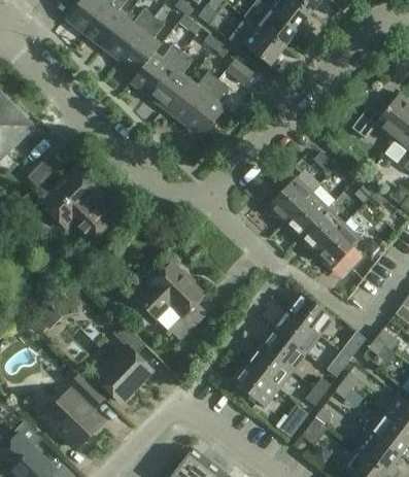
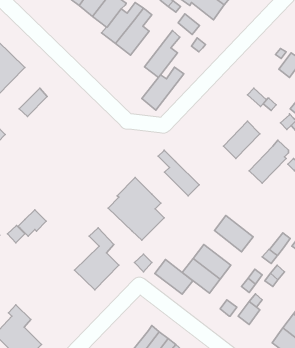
building: [166,71,218,125] -> [142,67,184,110]
building: [40,168,114,246] -> none
building: [266,170,312,224] -> none
building: [298,208,344,254] -> none
building: none -> [158,150,199,196]
building: [285,292,333,337] -> none
building: [258,329,305,372] -> [155,259,193,294]
building: [44,375,103,449] -> none

